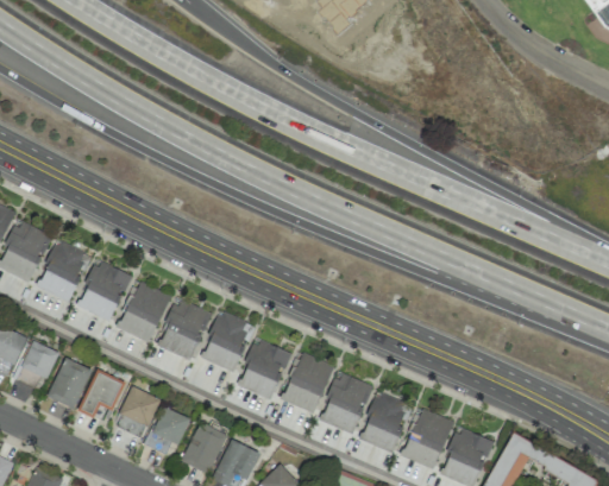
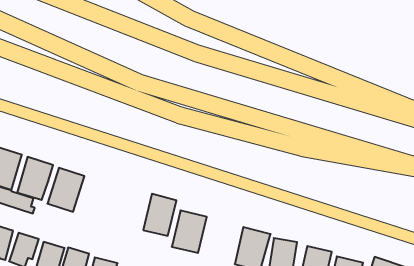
building: [118,282,172,343] -> none
building: [157,298,211,362] -> none
building: [284,353,332,412] -> none

